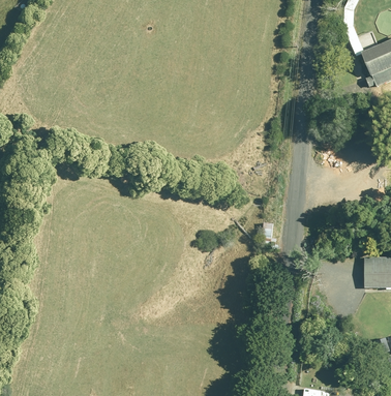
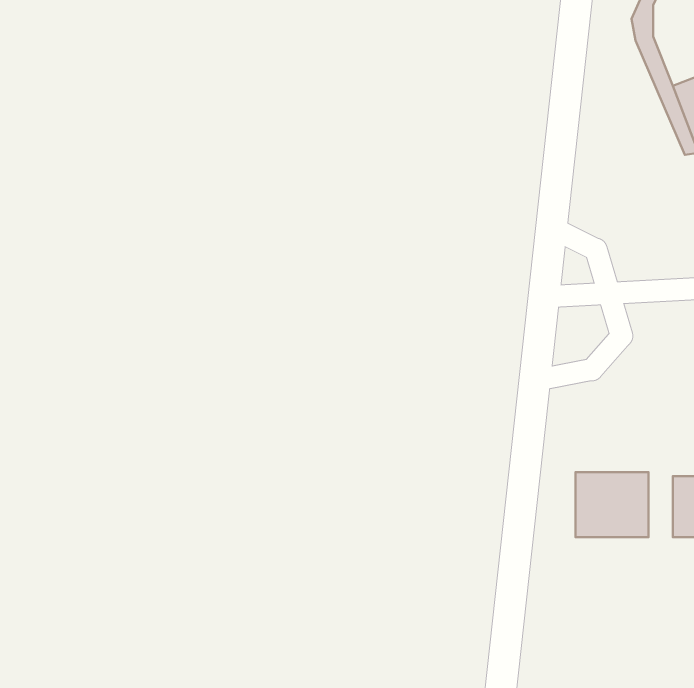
building: none -> [576,472,649,537]

